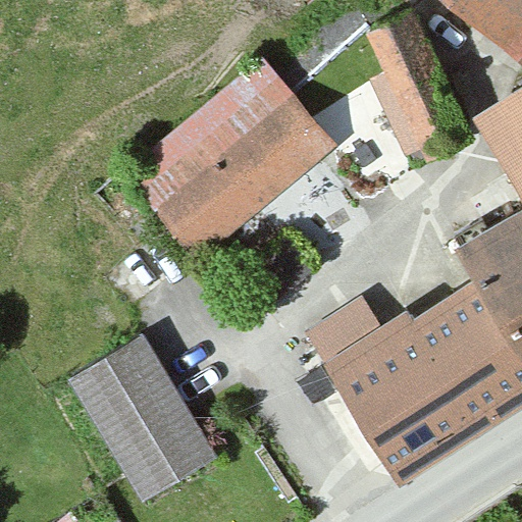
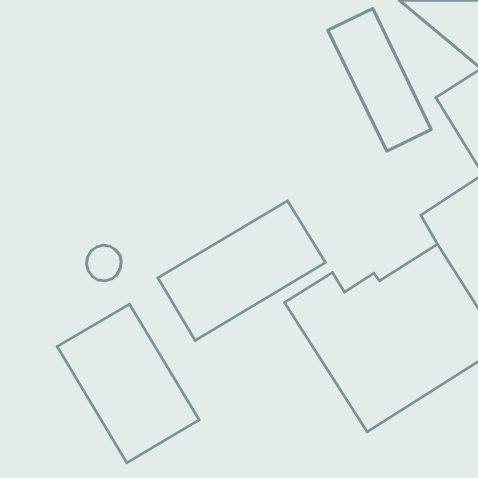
building: [123,60,337,263] -> none
building: none -> [158,201,326,341]

